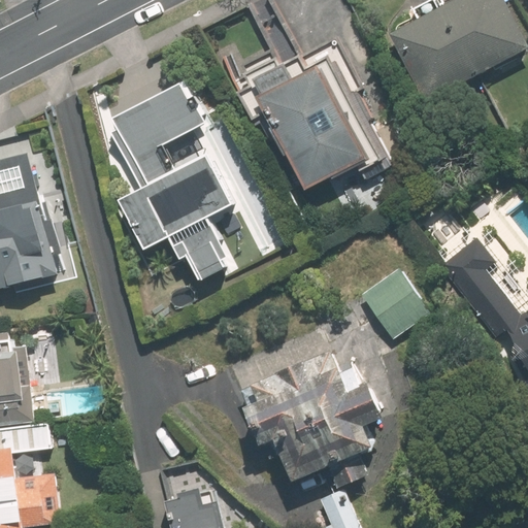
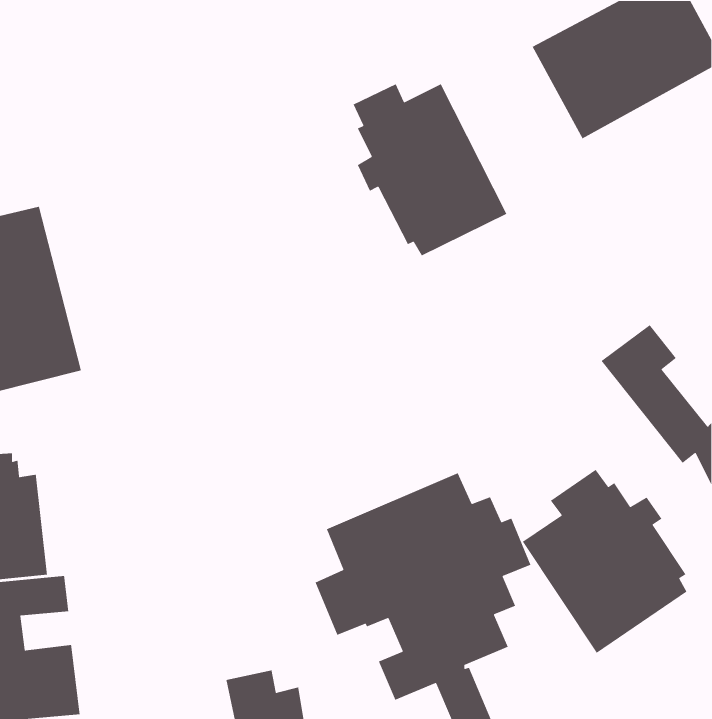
building: [109,79,237,280] -> none
building: [360,266,431,338] -> none
building: none -> [522,469,688,654]

